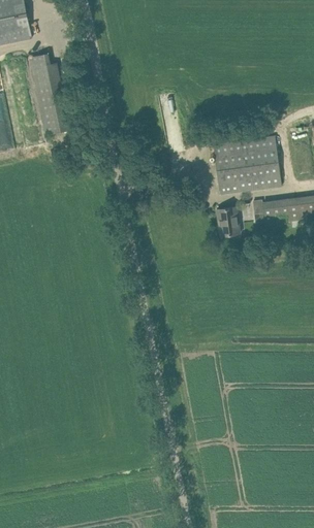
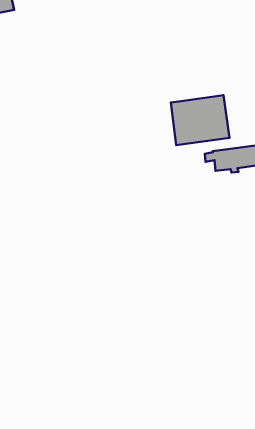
building: [28,52,67,134] -> none
building: [216,205,239,234] -> none

